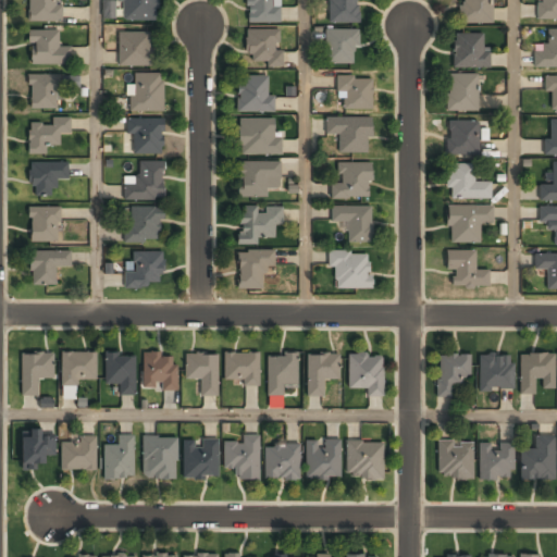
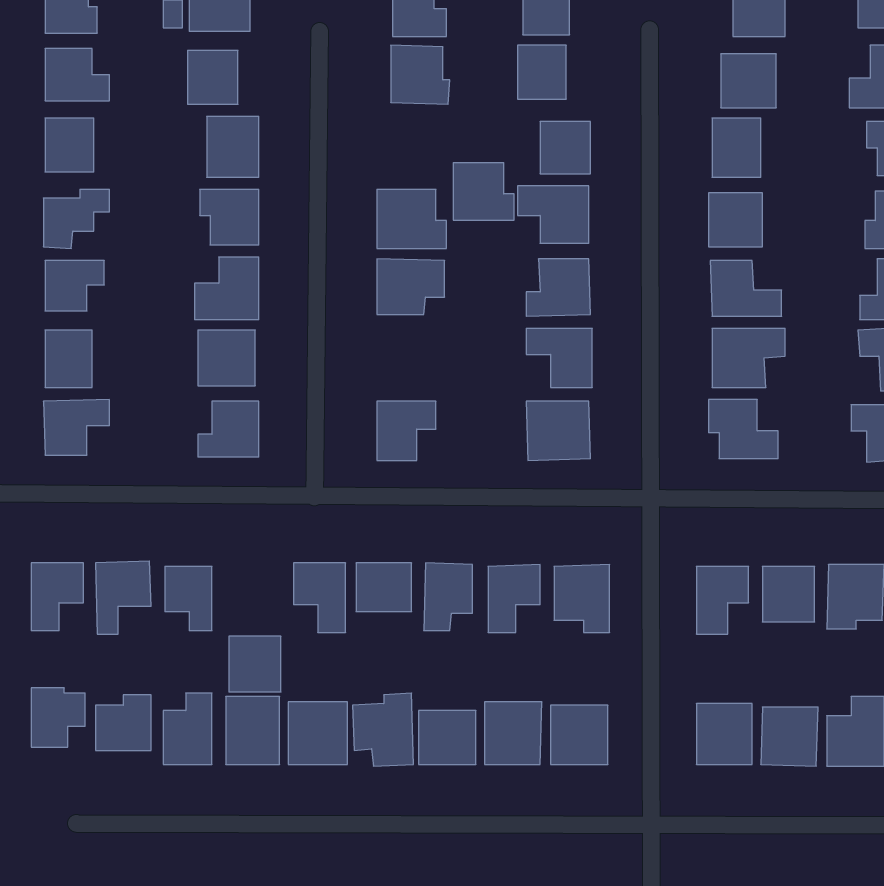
building: [237,76,275,112] -> [453,163,514,220]
building: [239,206,283,245] -> none
building: [145,355,177,389] -> [229,636,281,692]

